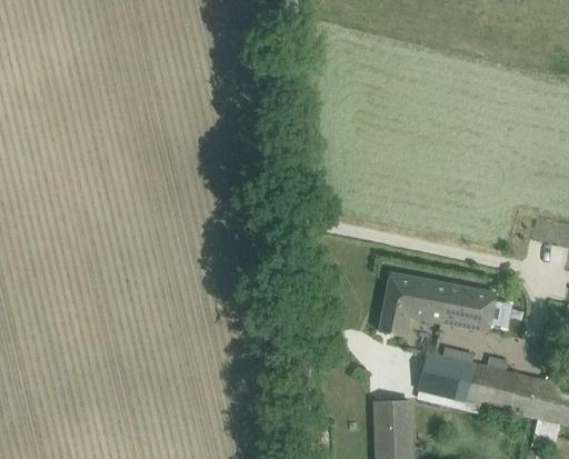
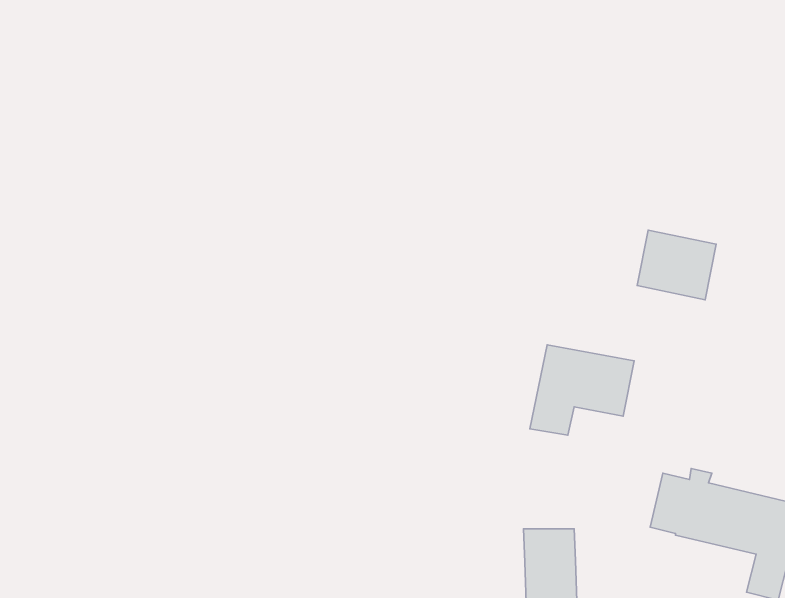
building: [443,283,499,332] -> [637,230,716,300]
building: [417,351,471,400] -> none

